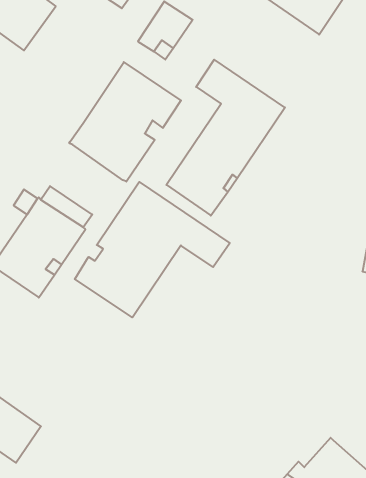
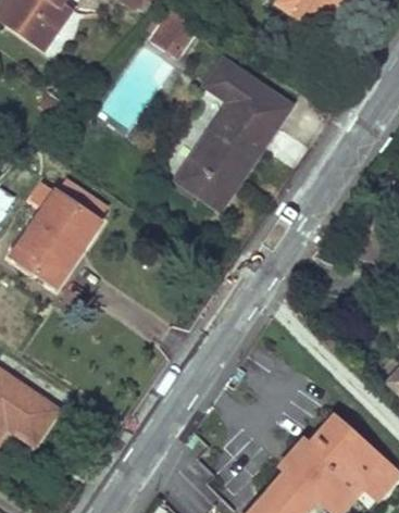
building: [69,62,181,182] -> none
building: [75,182,230,317] -> none

